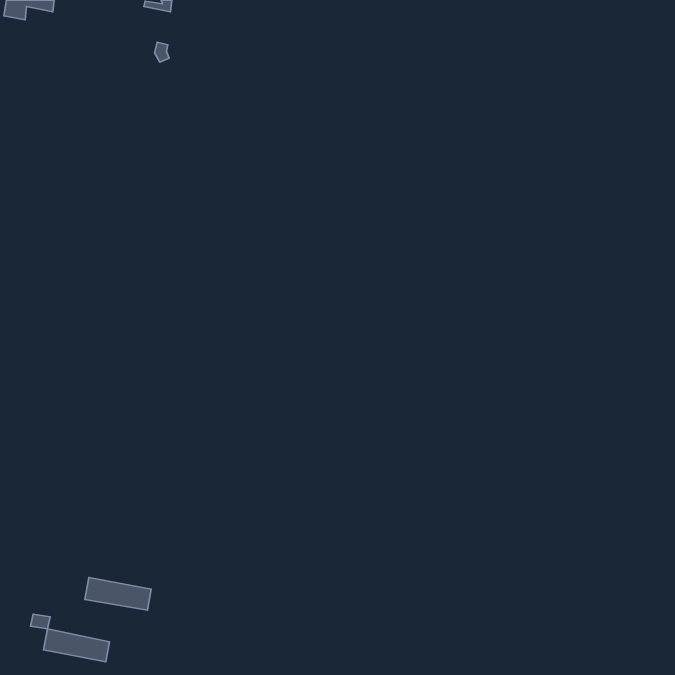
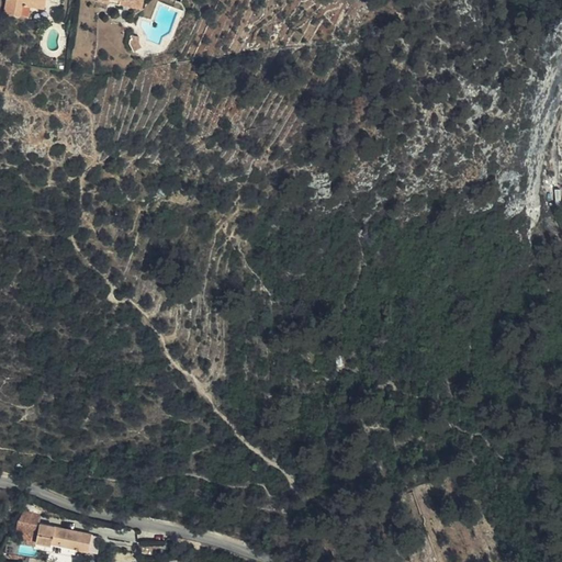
building: [85,577,151,610] -> none

